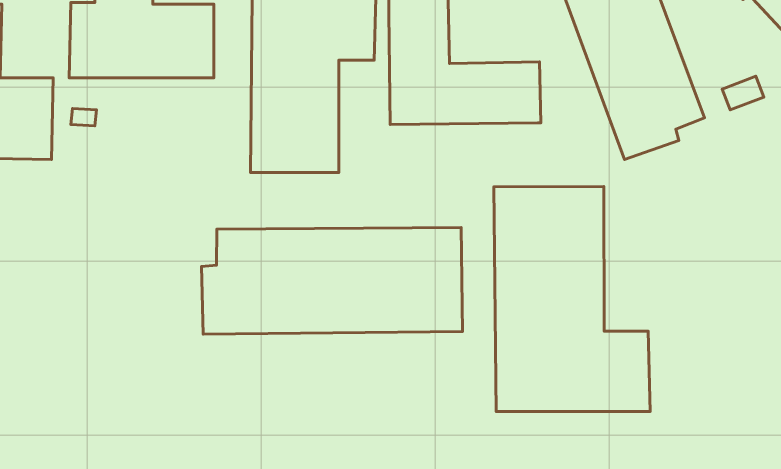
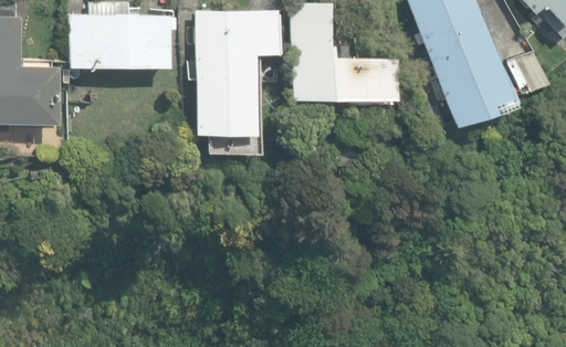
building: [494,187,650,412] -> none
building: [201,227,462,334] -> none

